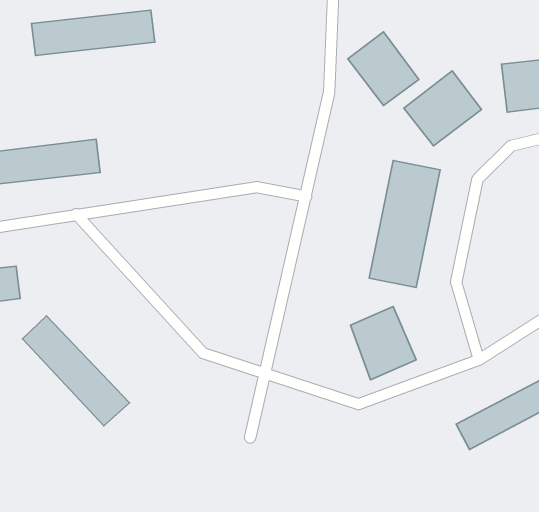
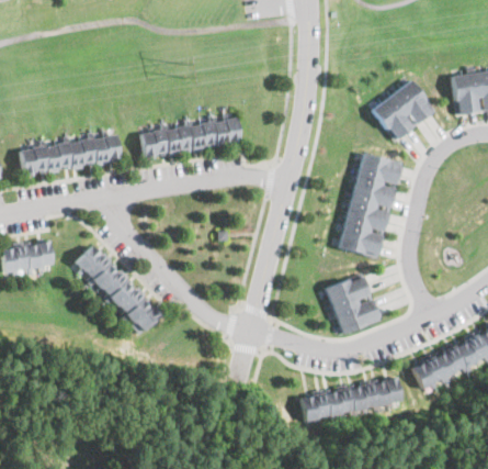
building: [32,10,155,56] -> [139,119,240,156]
building: [348,32,419,105] -> none
building: [22,316,129,426] -> [73,244,161,334]
building: none -> [302,379,400,418]

